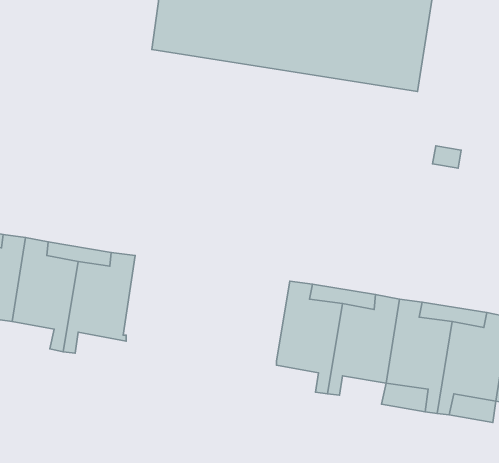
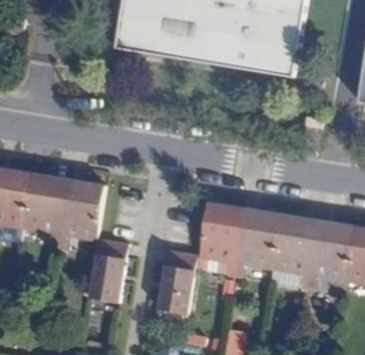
building: none -> [88,239,127,305]
building: none -> [157,250,197,315]

